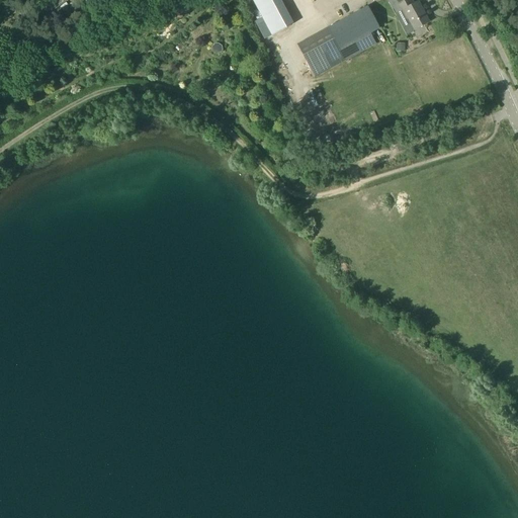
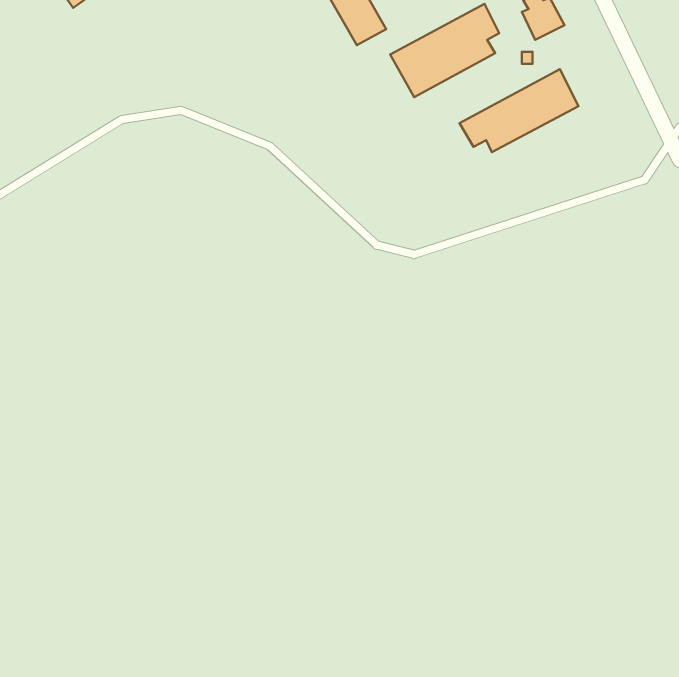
building: none -> [459,69,578,152]

